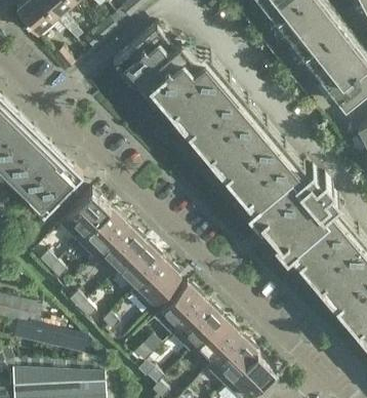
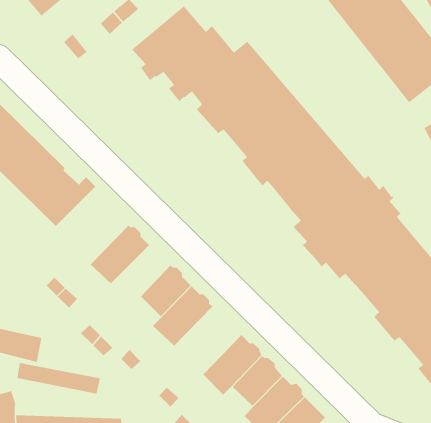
building: [58,192,110,244] -> none
building: [94,228,145,278] -> none
building: [153,285,204,336] -> none

